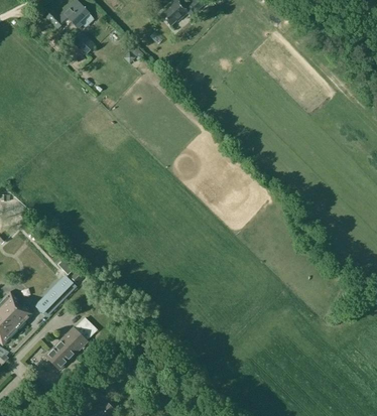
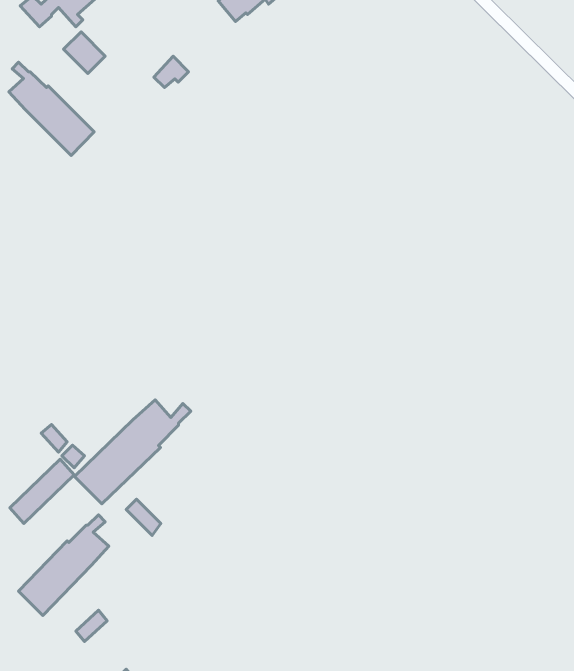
building: none -> [9,62,94,155]
building: none -> [75,400,191,504]

